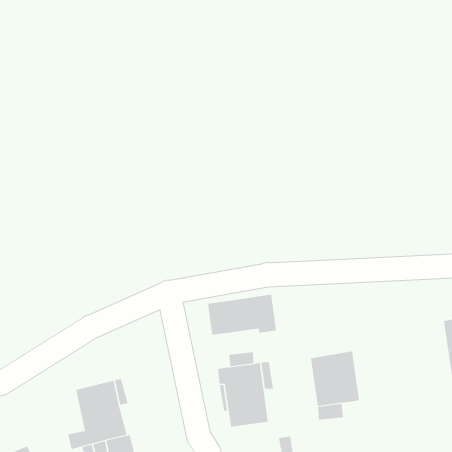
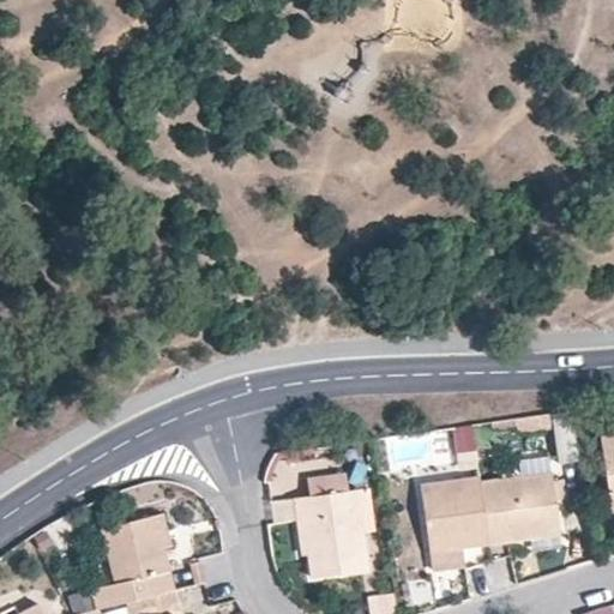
building: [207,294,276,335] -> none
building: none -> [480,474,560,543]

